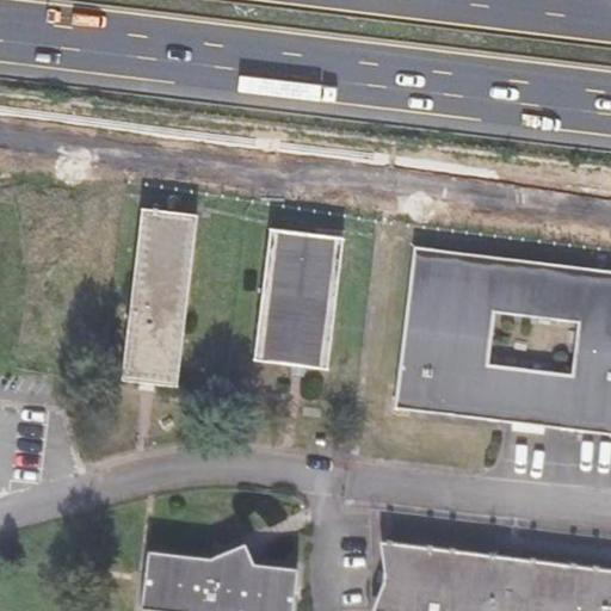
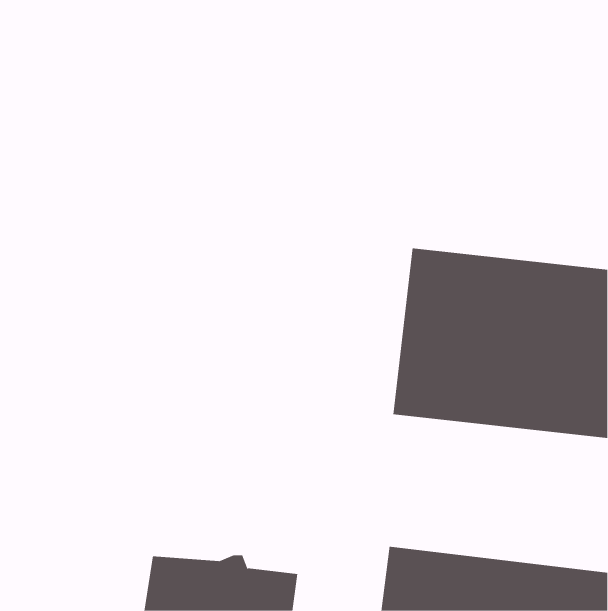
building: [125,210,196,387] -> none
building: [255,229,341,369] -> none

